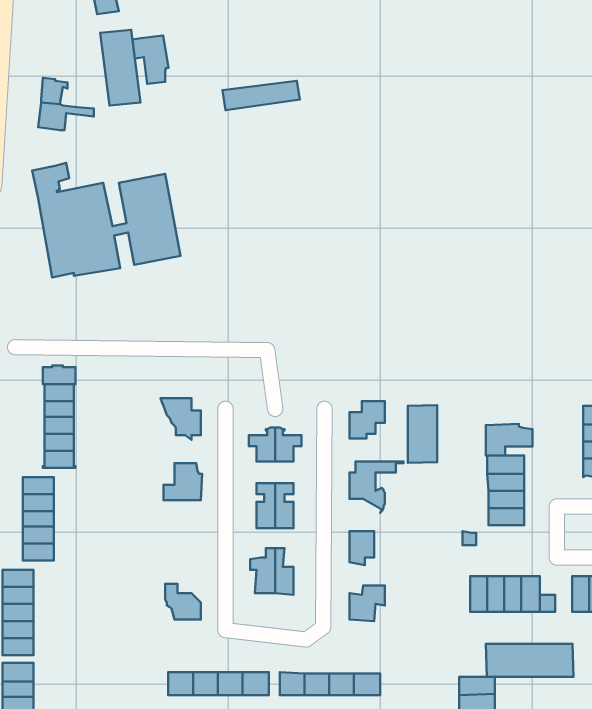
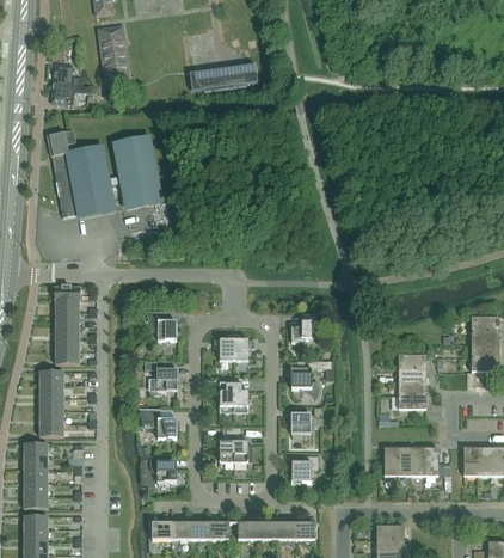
building: [132,35,169,84] -> none
building: [408,405,437,463] -> none
building: [486,424,533,455] -> none
building: none -> [139,407,177,439]
building: [486,644,574,677] -> none

